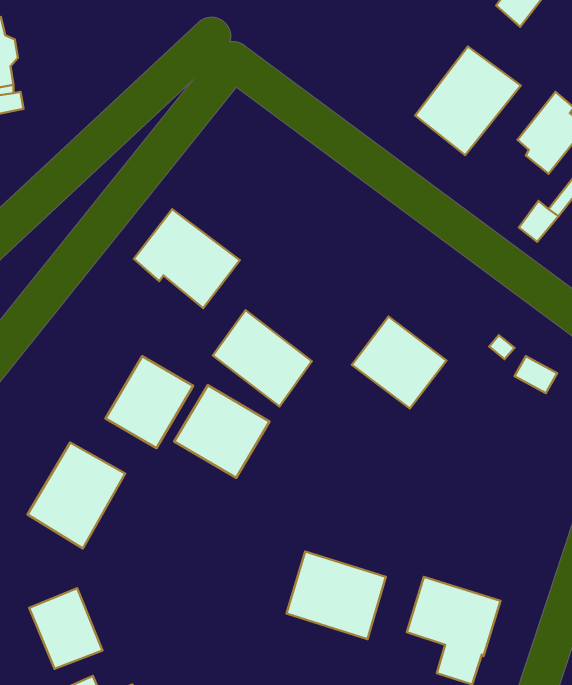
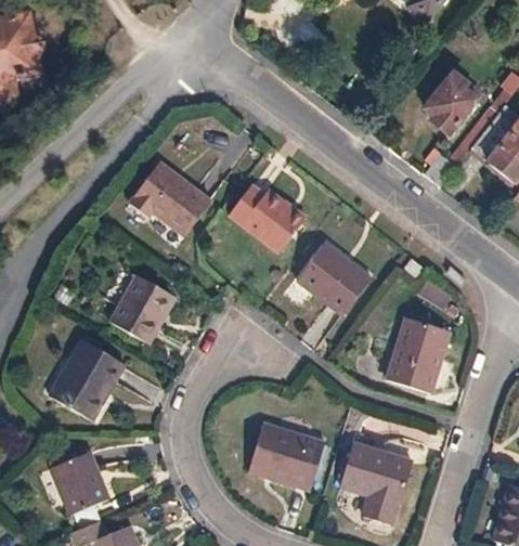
building: [415,47,521,155] -> none
building: [213,310,312,406] -> [228,180,303,253]
building: [174,385,269,478] -> none
building: none -> [386,317,449,392]

